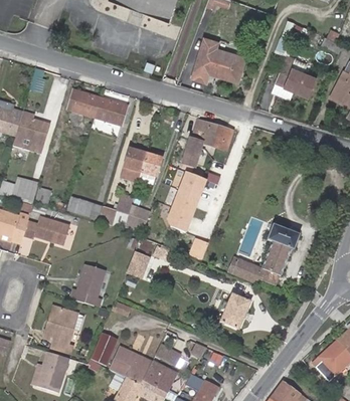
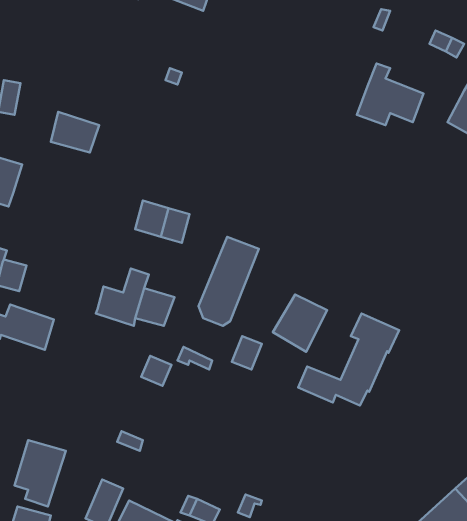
building: [195,37,245,80] -> none
building: [95,96,127,124] -> none
building: [183,118,233,165] -> none
building: [65,195,104,222] -> none
building: none -> [273,294,327,352]
building: [71,264,106,307] -> none
building: [223,291,254,328] -> none

